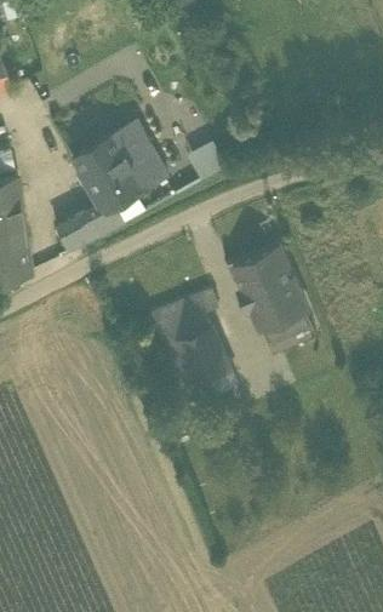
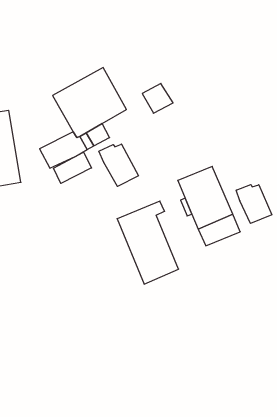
building: none -> [99,144,138,186]
building: none -> [53,152,92,183]
building: none -> [236,185,272,223]

